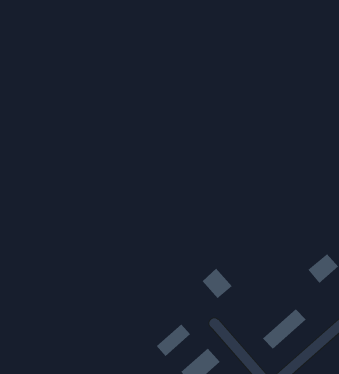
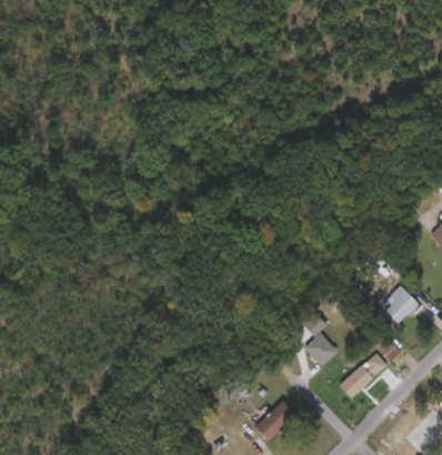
building: [202,268,233,299] -> [304,332,338,365]
building: [156,323,191,357] -> none

